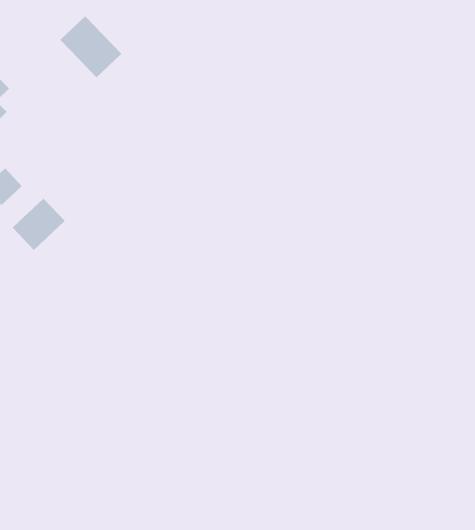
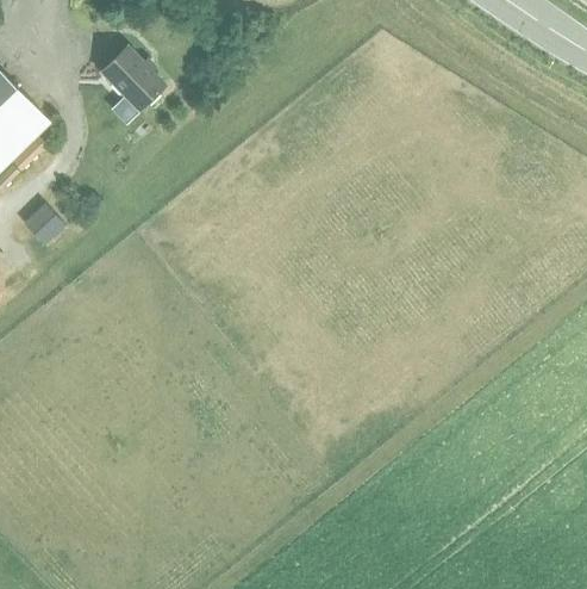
building: [12,198,66,251] -> none

